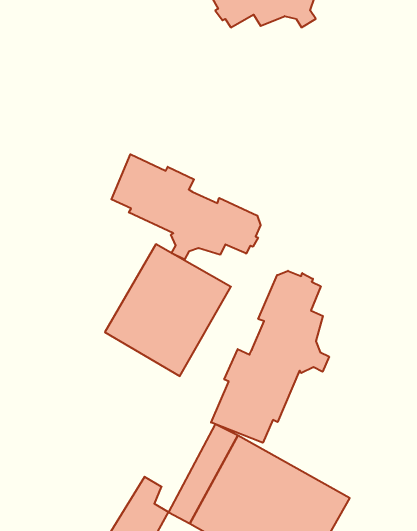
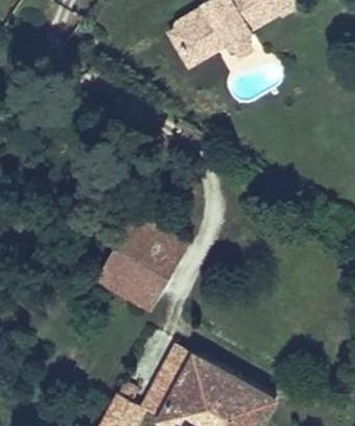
building: [111,154,261,259] -> none
building: [211,271,329,443] -> none

